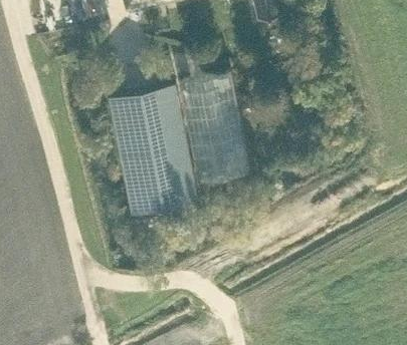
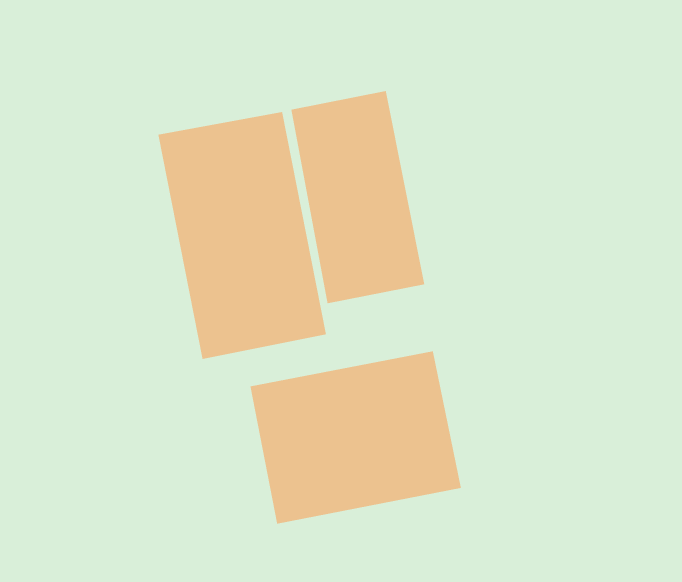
building: none -> [250,350,461,525]

